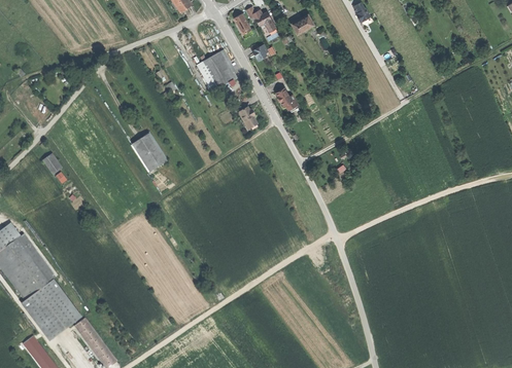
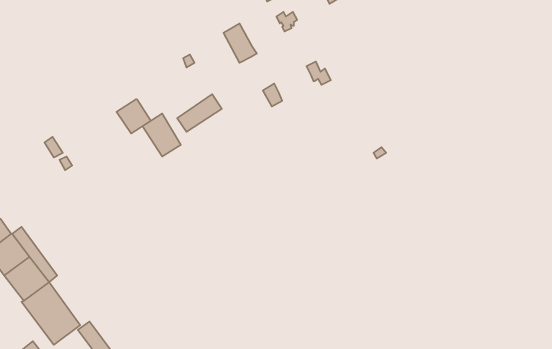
building: none -> [177,94,222,132]
building: none -> [117,99,151,134]

